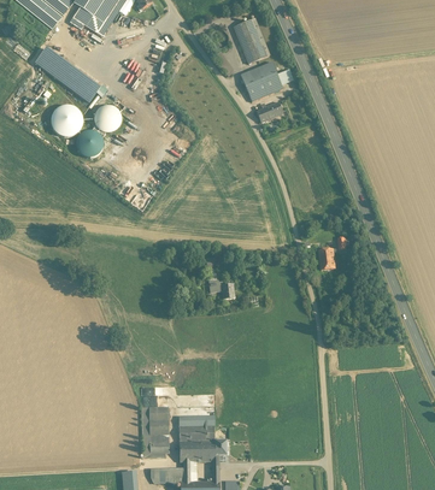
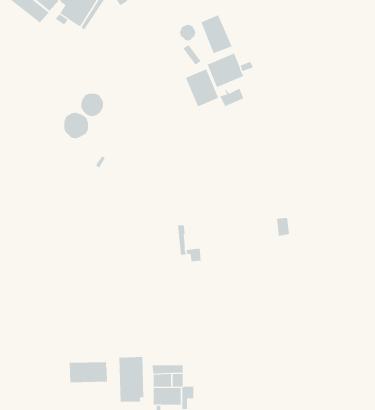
building: [36,48,101,104] -> none
building: none -> [185,68,219,107]
building: [52,106,83,138] -> none
building: none -> [69,361,108,383]

